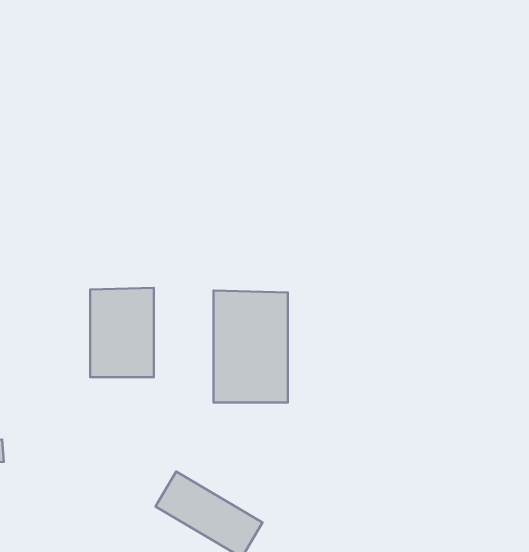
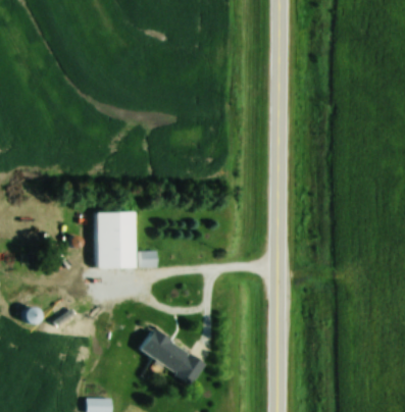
building: [213,290,288,402] -> none

